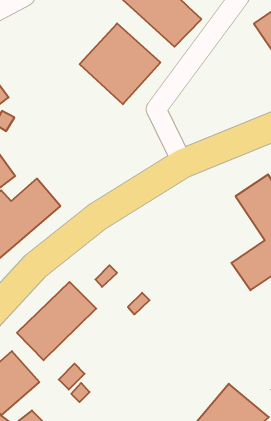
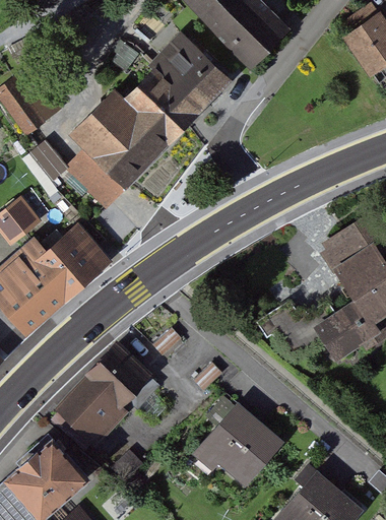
building: none -> [56,83,186,215]
building: none -> [196,407,280,485]

